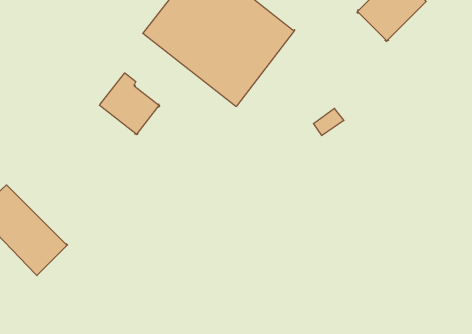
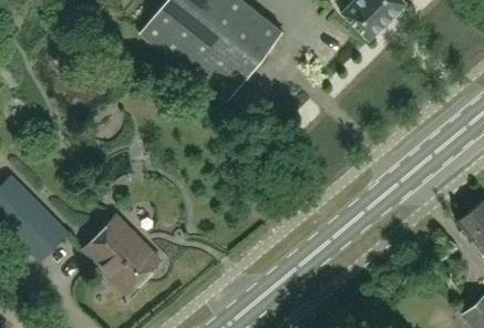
building: [99,73,160,135] -> none
building: none -> [82,216,159,294]

